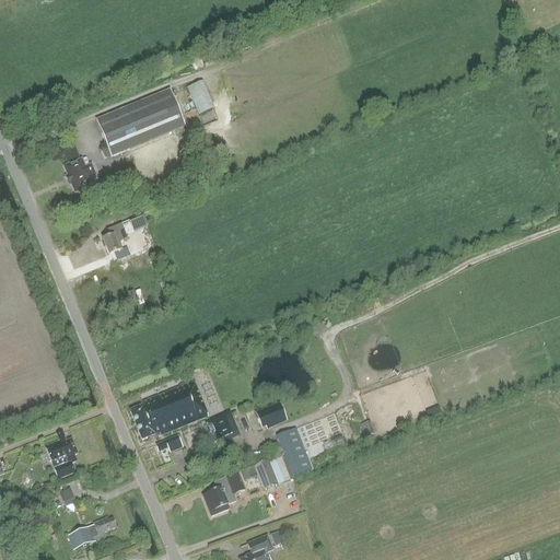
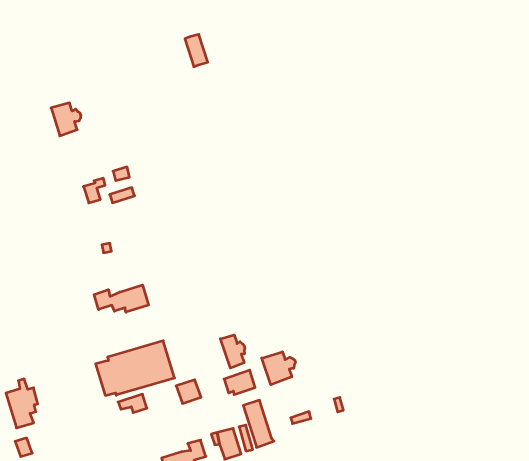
building: [96,88,185,155] -> none
building: none -> [94,285,149,312]
building: none -> [220,335,245,368]
building: none -> [262,352,295,385]

